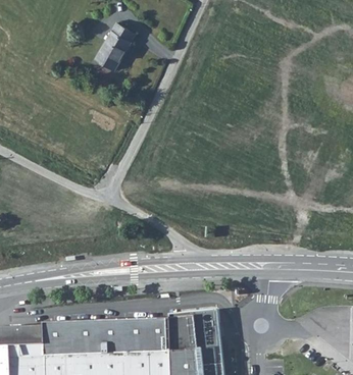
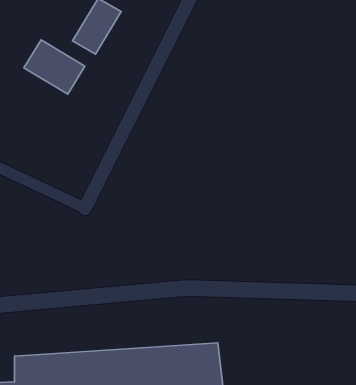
building: none -> [24,40,85,94]

